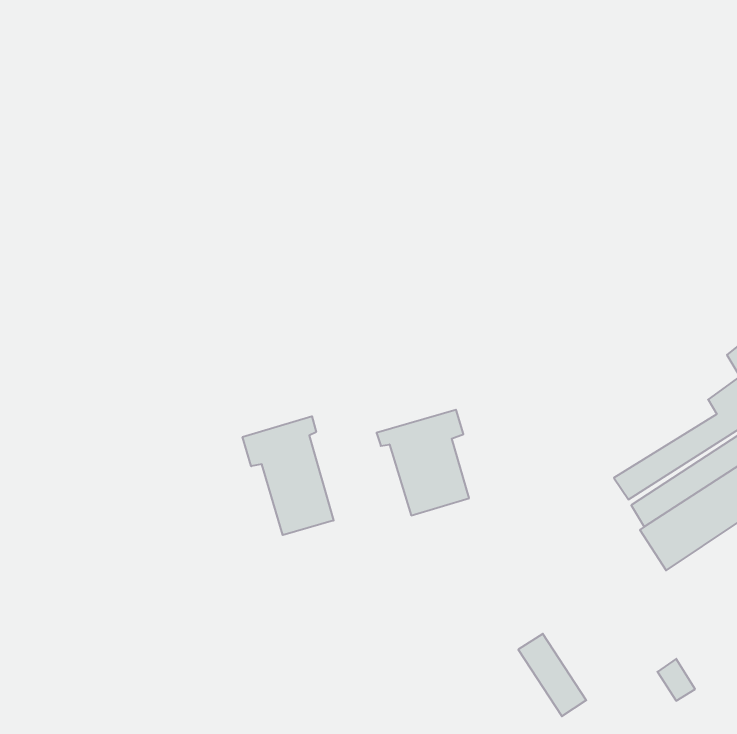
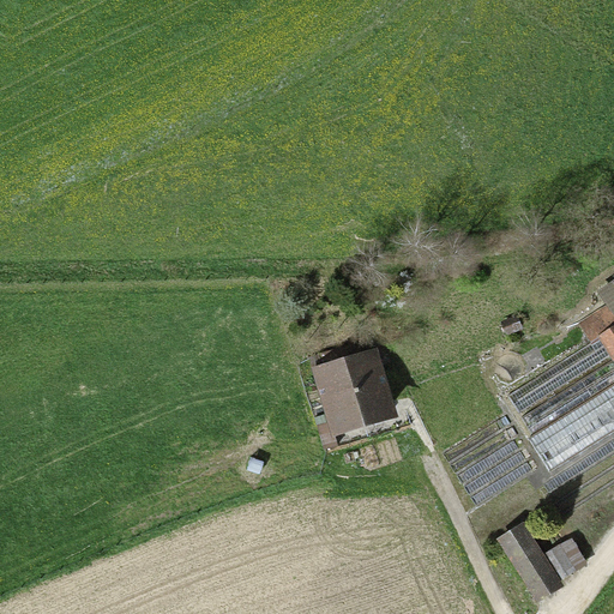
building: [243,416,334,535] -> none
building: [518,634,586,716] -> [506,534,562,602]

